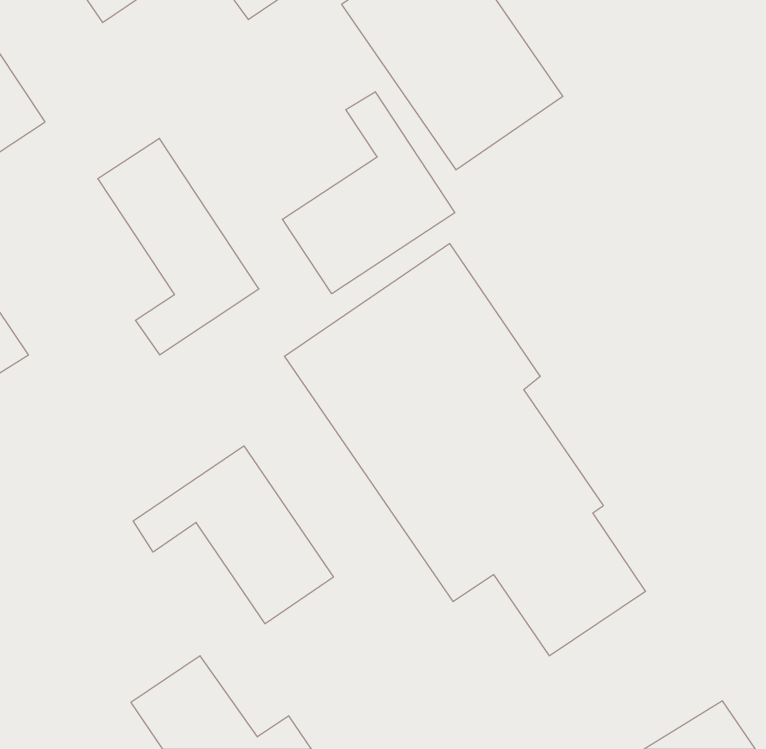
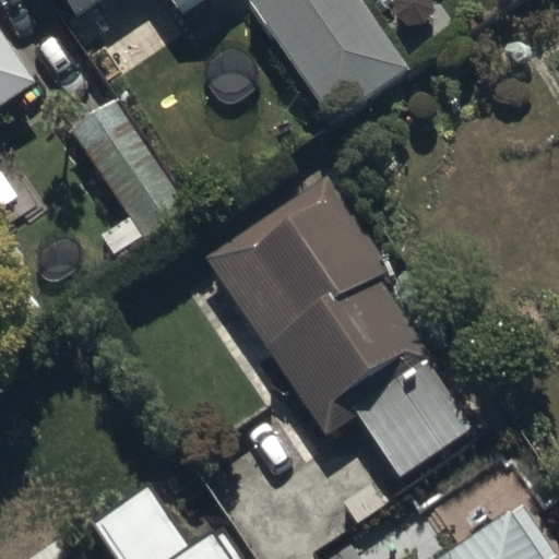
building: [282,92,455,294] -> none
building: [133,446,333,624] -> none

